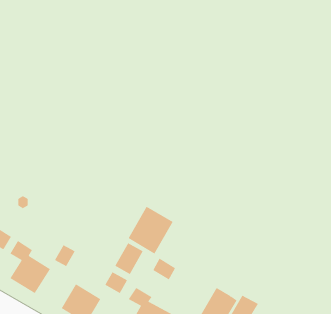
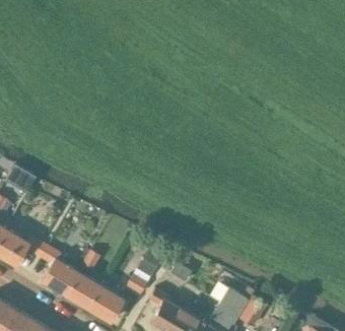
building: [128,206,173,254] -> none
building: none -> [63,272,99,308]

